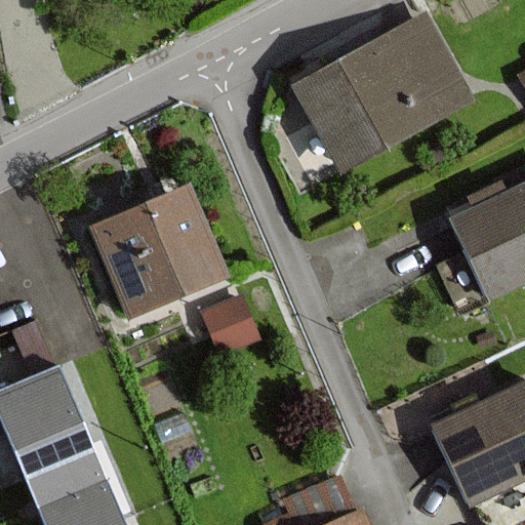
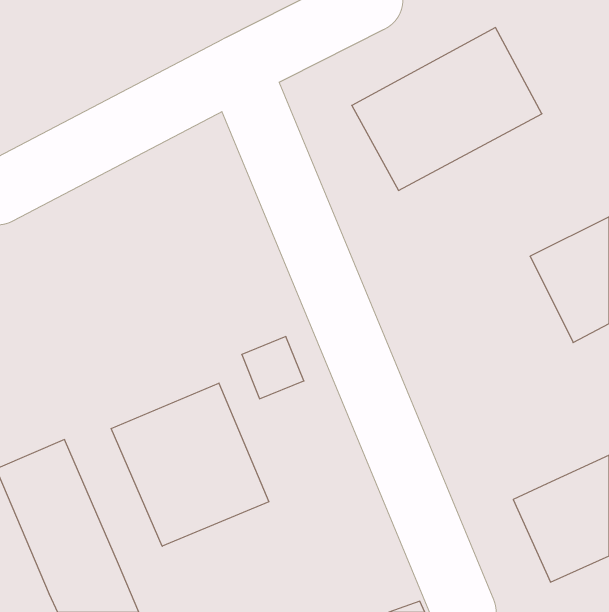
building: [96,192,223,310] -> none
building: none -> [111,383,269,546]

